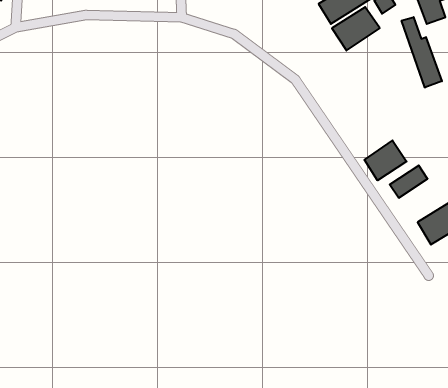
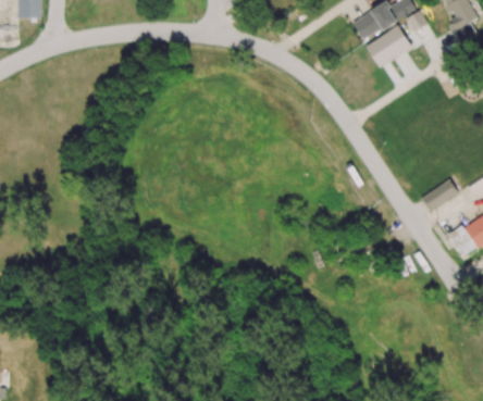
building: [402,17,442,88] -> none
building: [364,140,407,180] -> none

